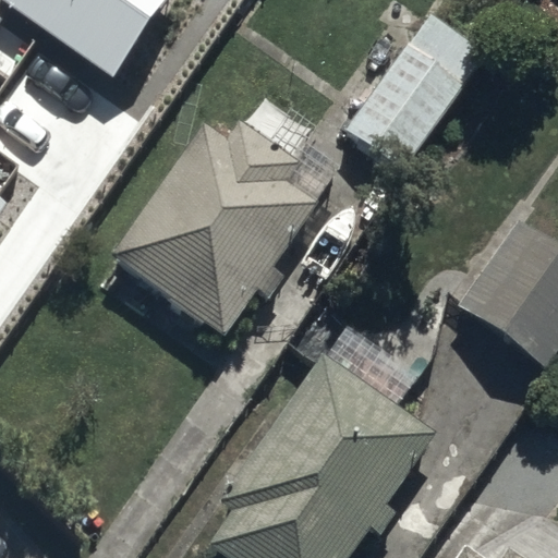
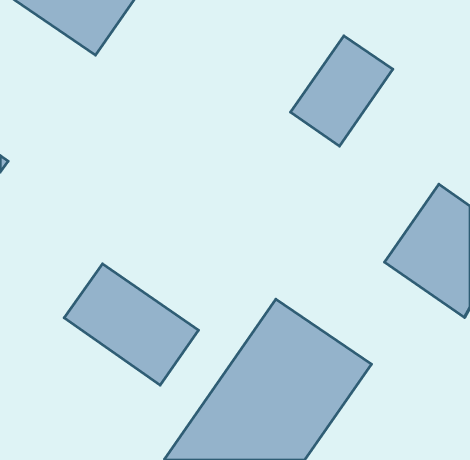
building: [112,124,317,337] -> none
building: none -> [64,264,198,385]

